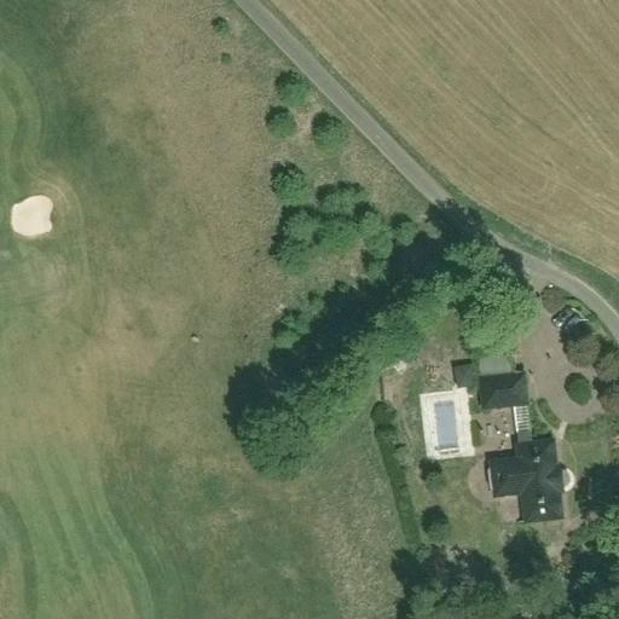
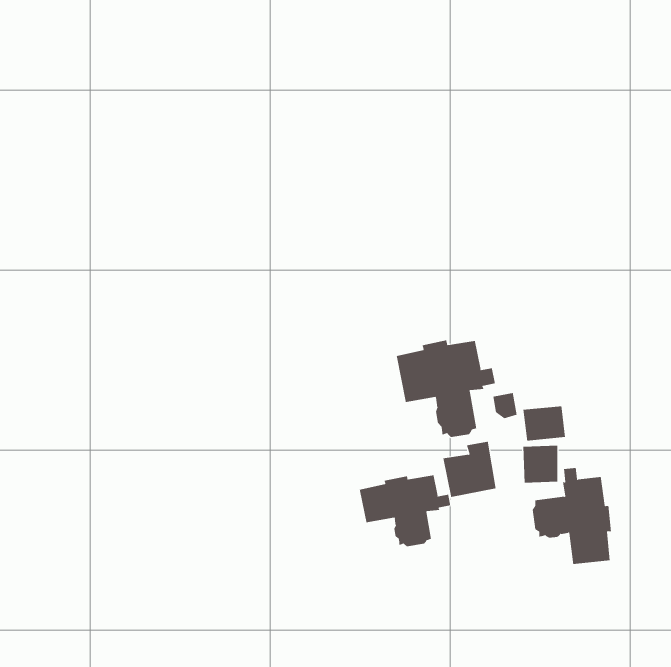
building: none -> [396,340,496,438]
building: none -> [359,475,451,547]

